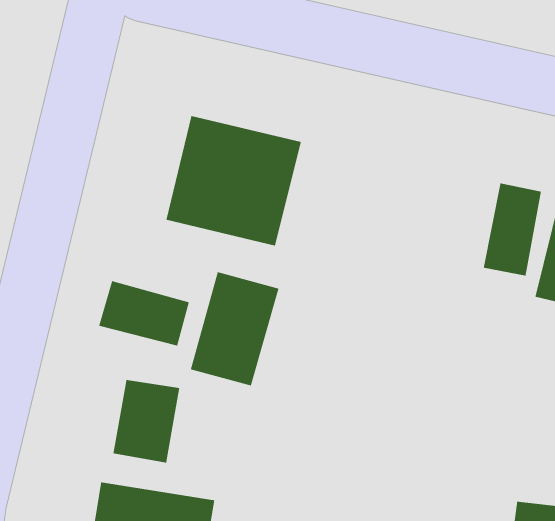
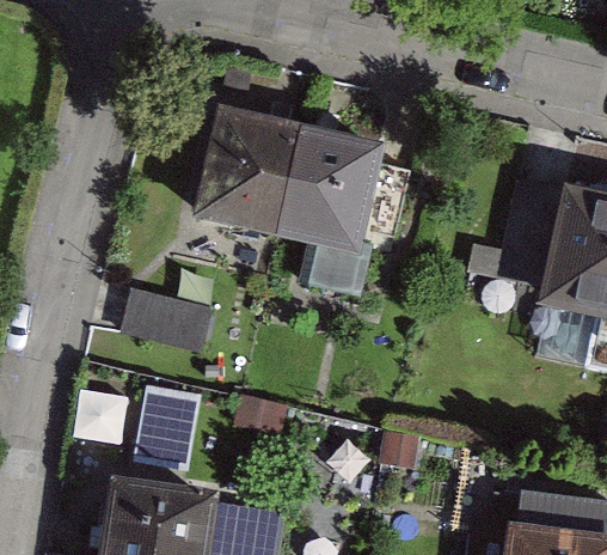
building: none -> [292,142,409,300]
building: [190,271,280,386] -> none

